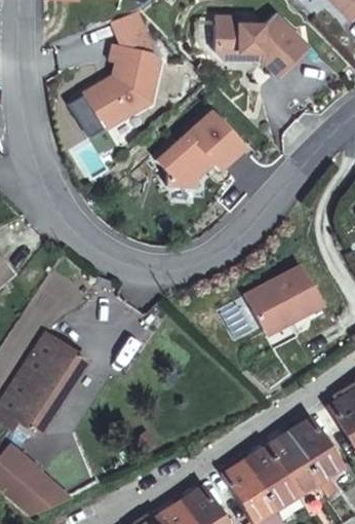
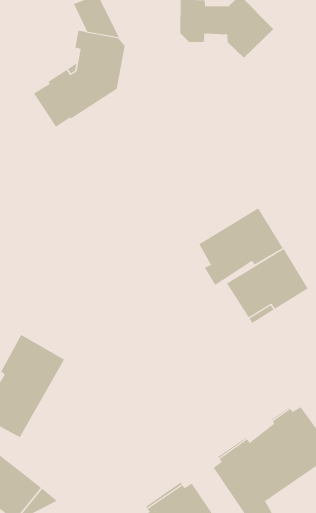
building: [156,111,243,186] -> none
building: none -> [198,207,283,286]

